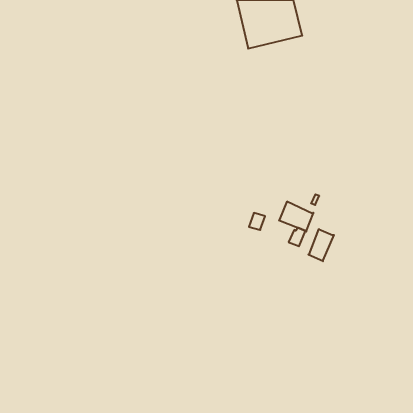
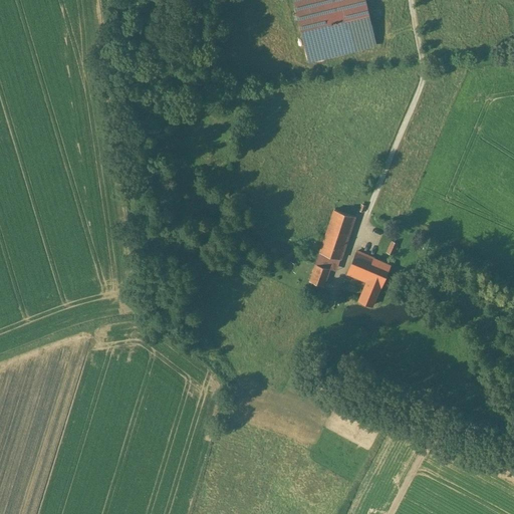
building: none -> [319,210,354,260]
building: [308,229,334,261] -> none

